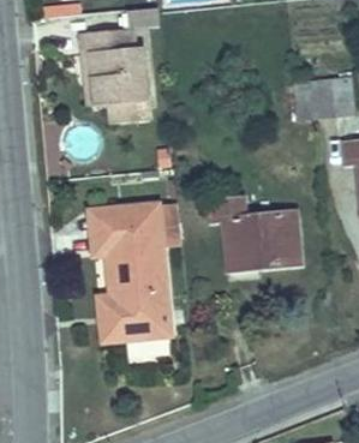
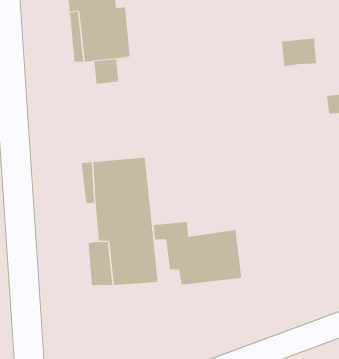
building: [210,198,303,264] -> [153,221,242,285]

